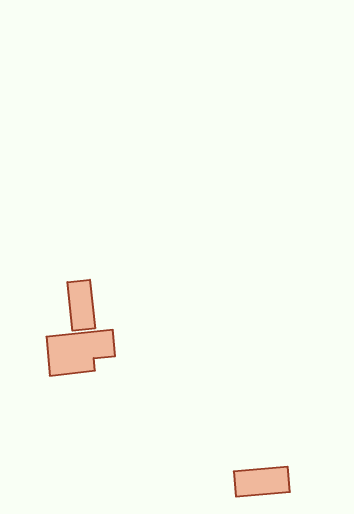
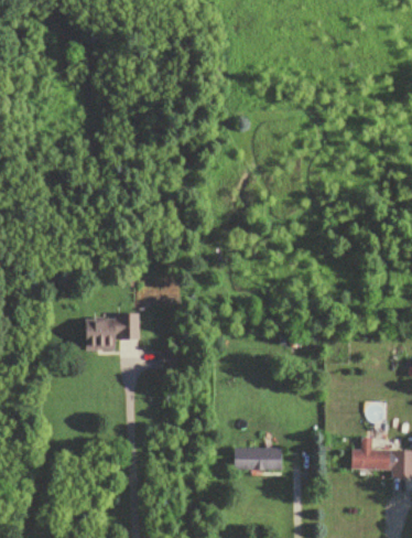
building: [67,280,95,331] -> none

